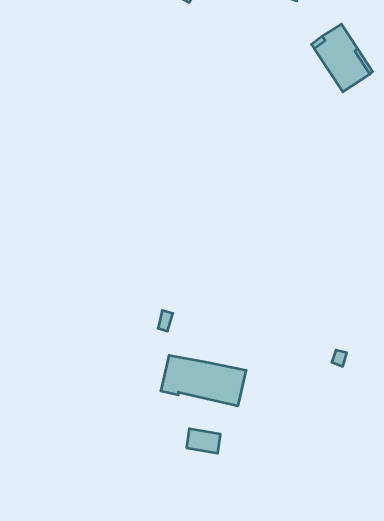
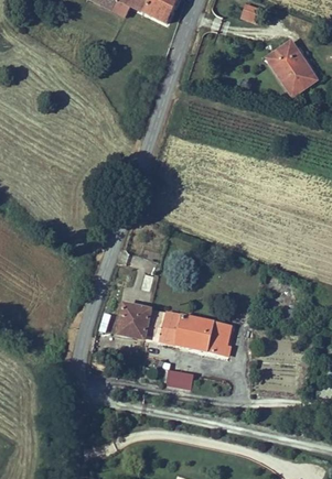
building: none -> [117,304,150,339]
building: none -> [206,322,231,355]

